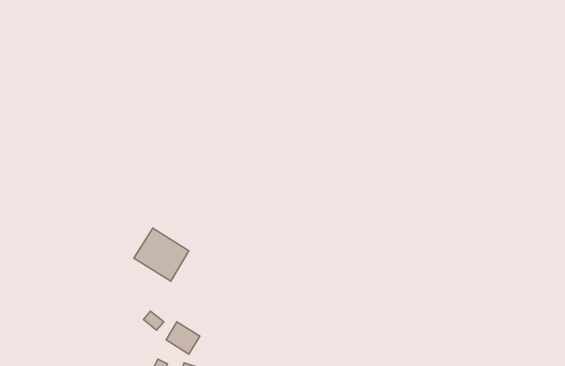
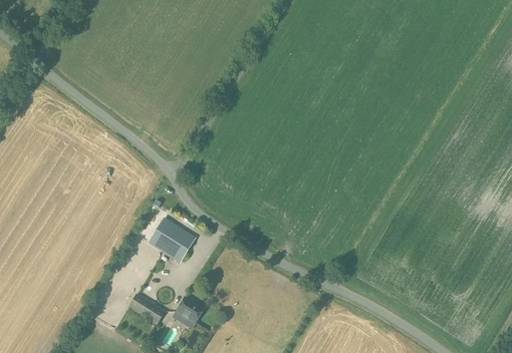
building: none -> [129,293,165,326]

